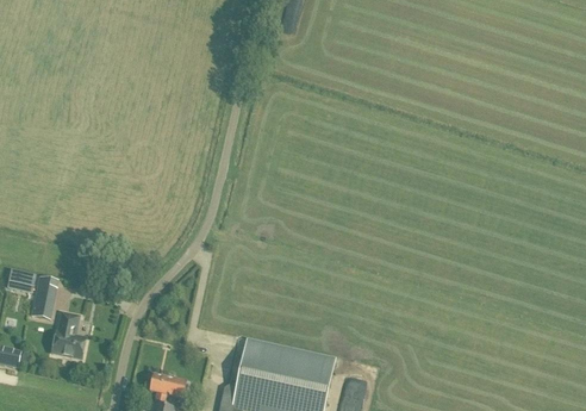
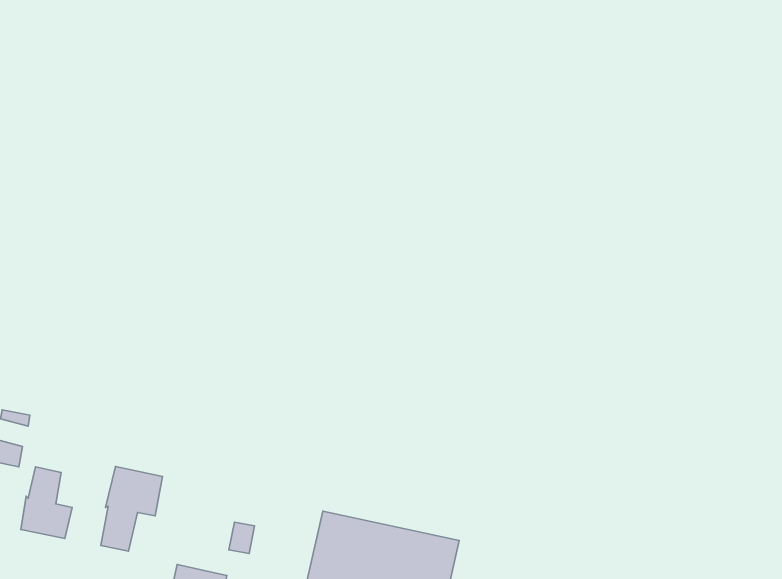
building: none -> [101,467,163,551]

